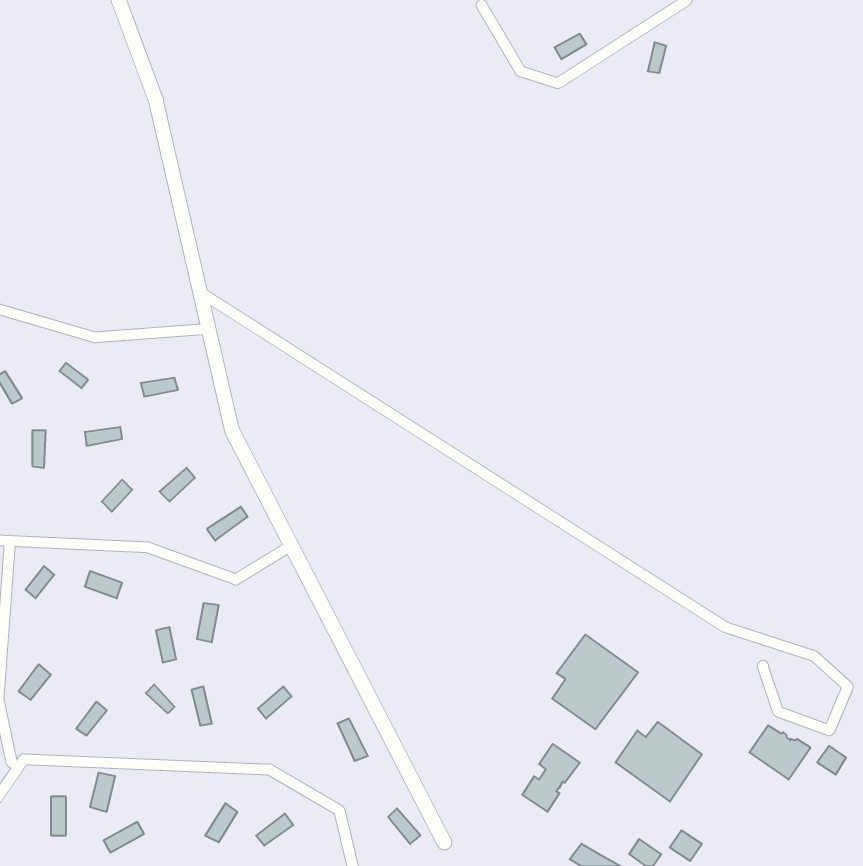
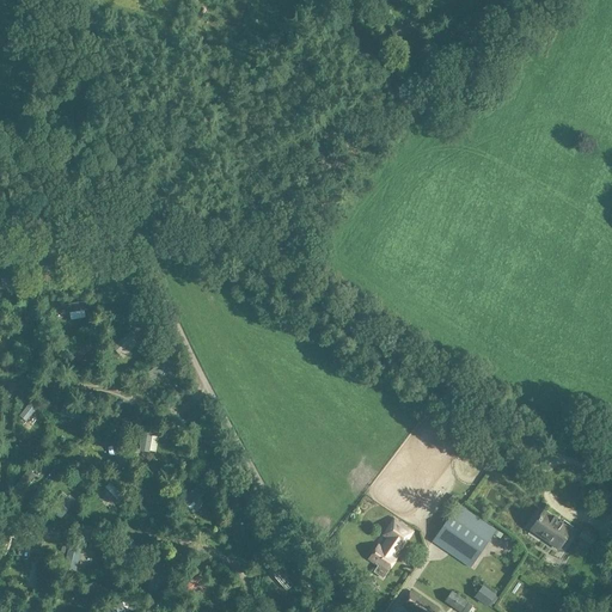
building: [552,635,638,729] -> none

